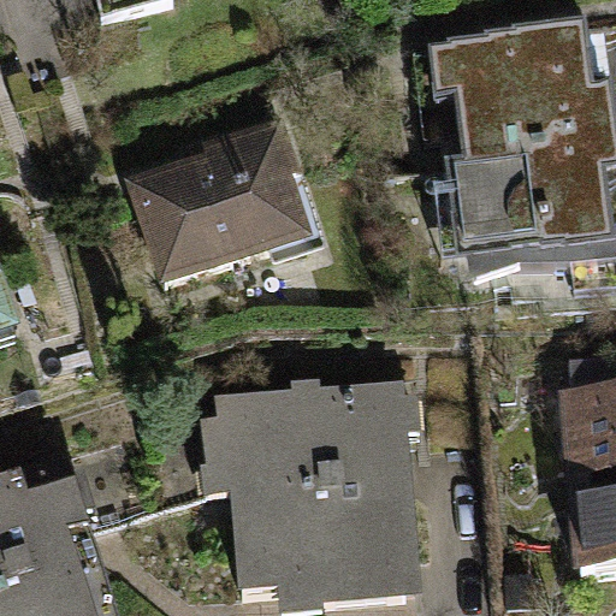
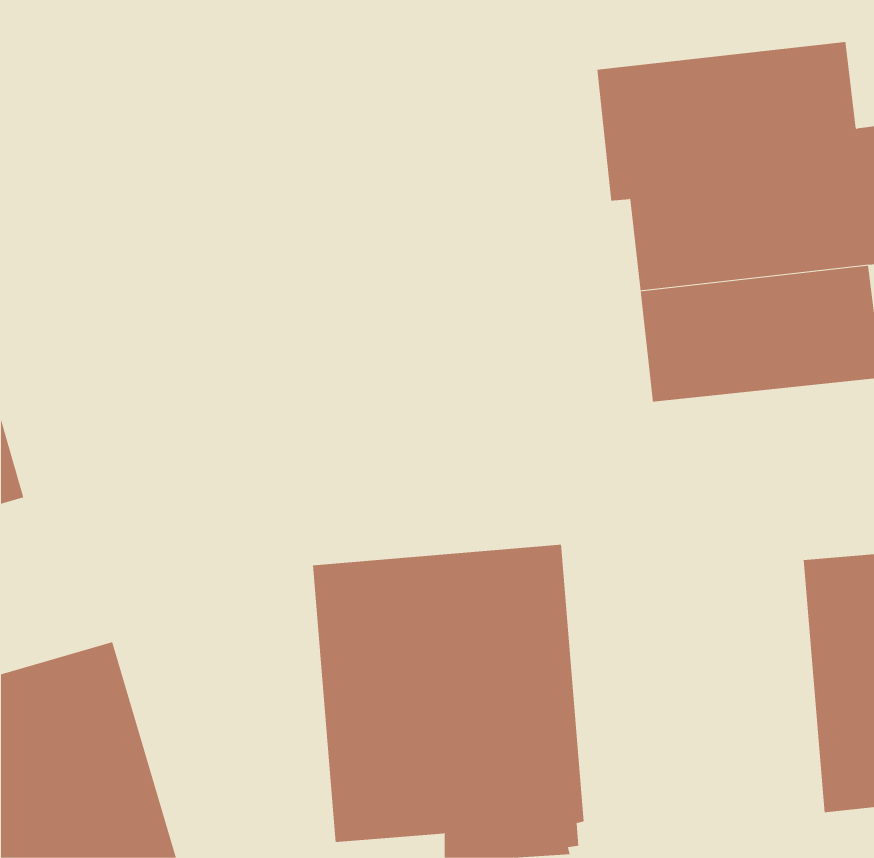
building: [123,136,313,301] -> none

